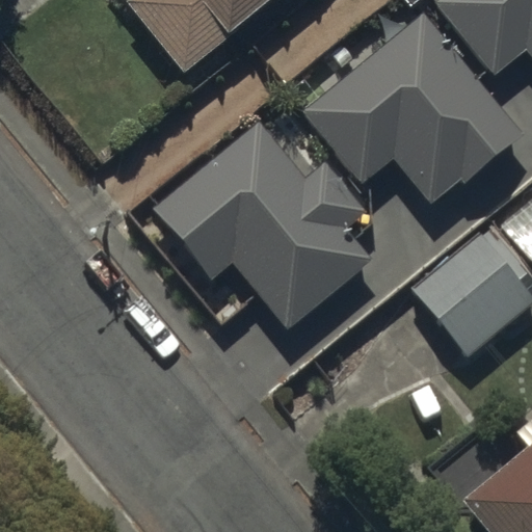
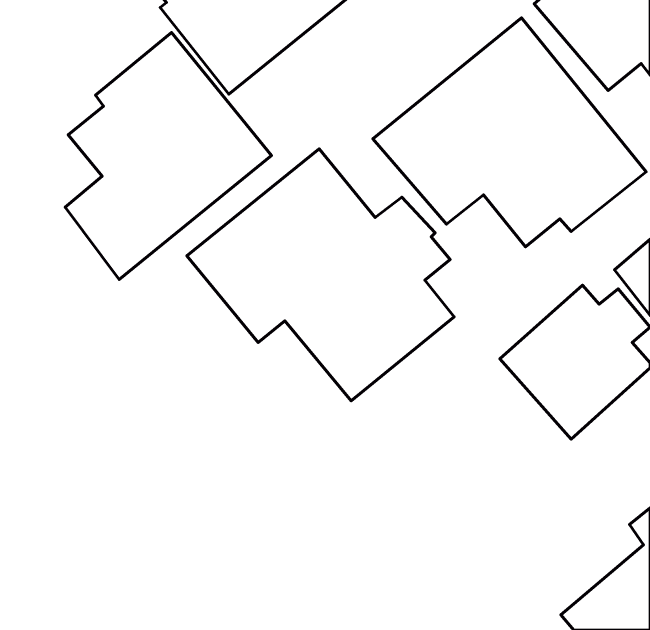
building: none -> [65,32,272,279]

